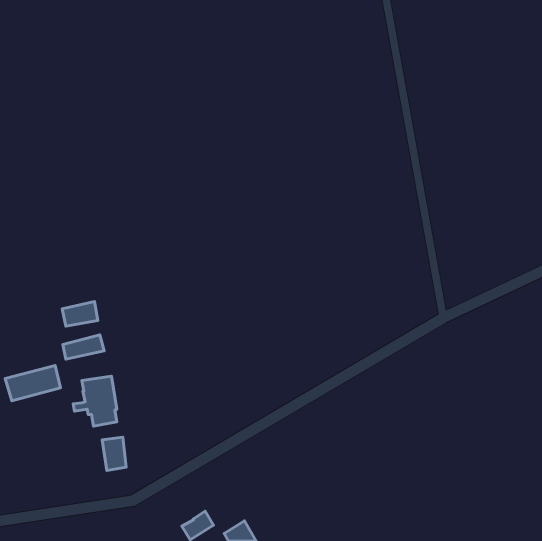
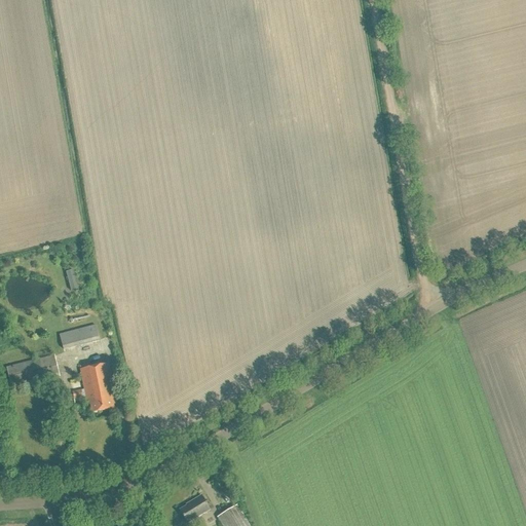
building: [62,302,98,326] -> none
building: [102,437,126,471] -> none

